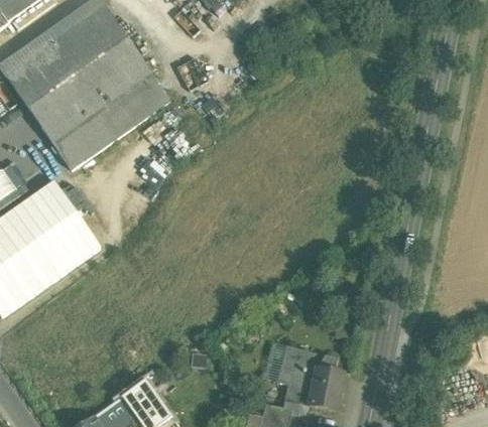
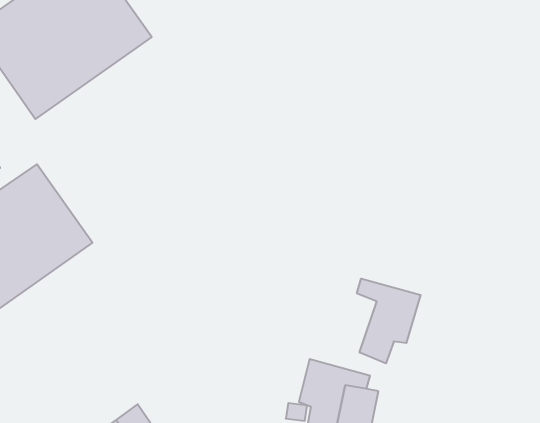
building: [51,73,170,169] -> none
building: none -> [357,279,421,363]

